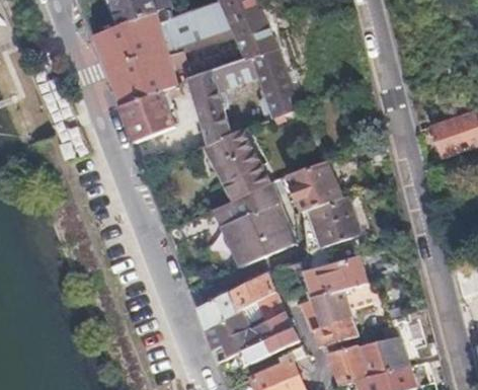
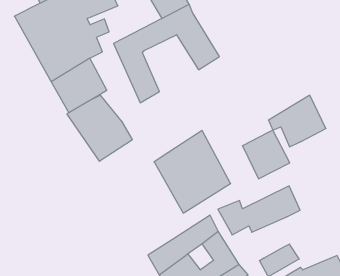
building: [206,132,271,202] -> [67,95,132,161]
building: [281,158,340,210] -> [268,95,326,147]
building: [309,288,352,328] -> none

